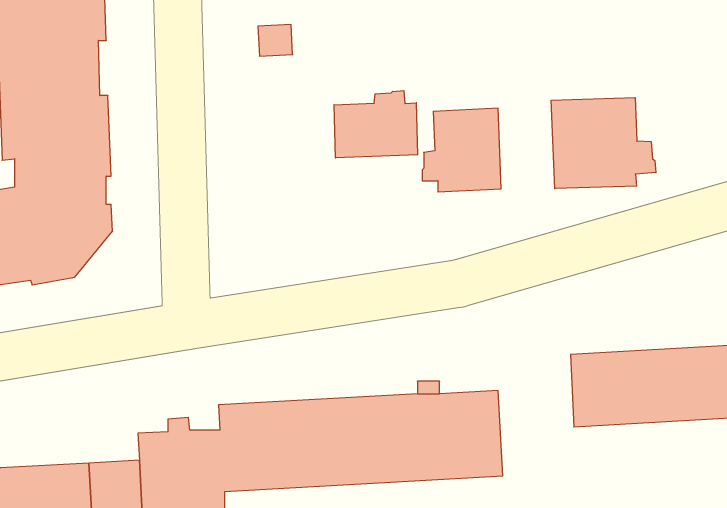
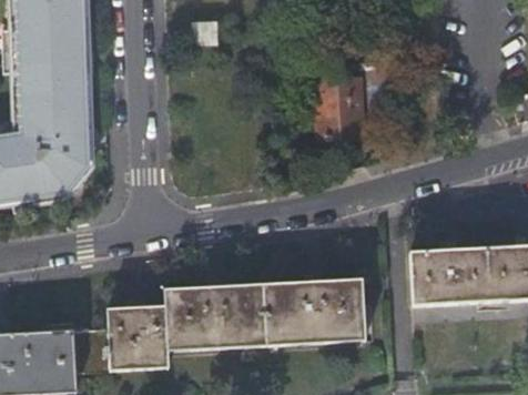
building: [334,91,418,158] -> none
building: [551,98,656,189] -> none

